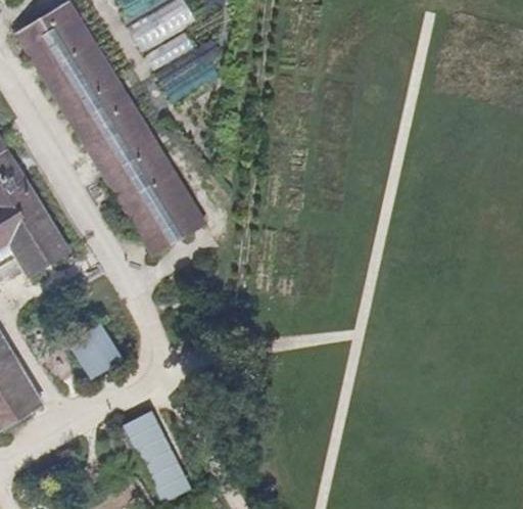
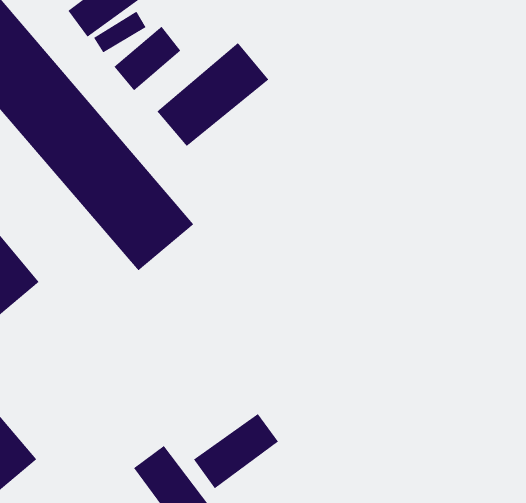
building: none -> [156,42,269,147]
building: [67,321,124,378] -> none
building: none -> [193,413,279,489]

